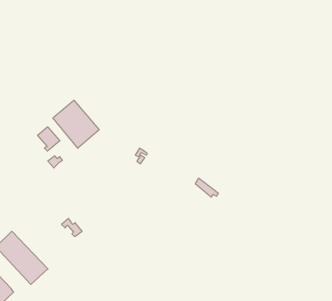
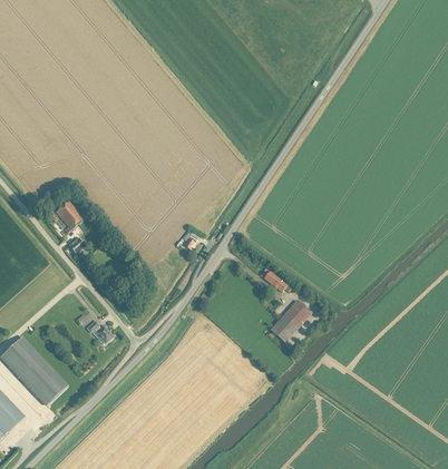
building: [53,100,99,148] -> none
building: none -> [270,300,310,342]

